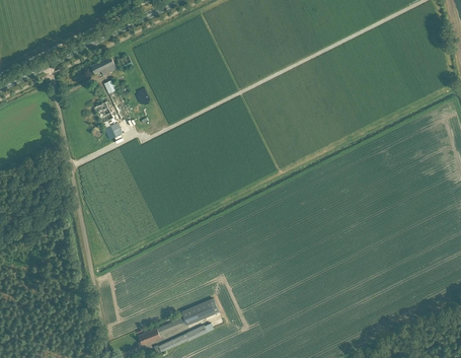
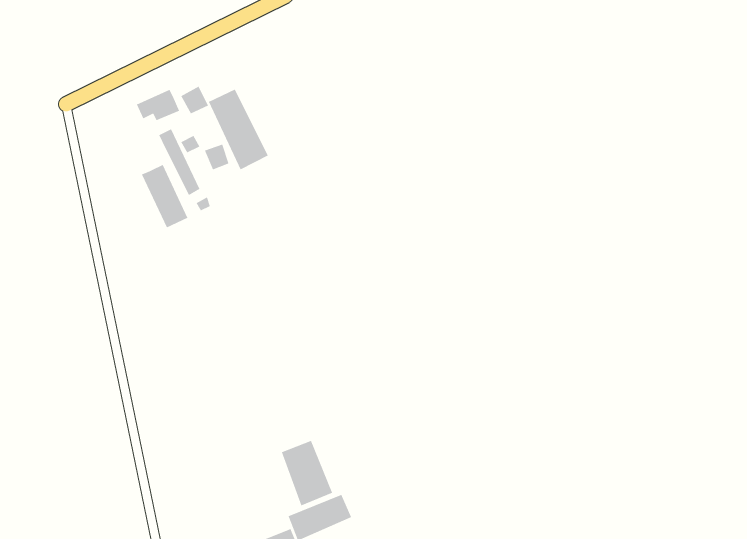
building: none -> [208,89,269,170]
building: none -> [281,440,333,506]

